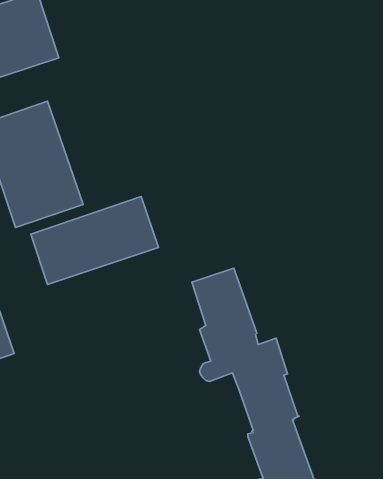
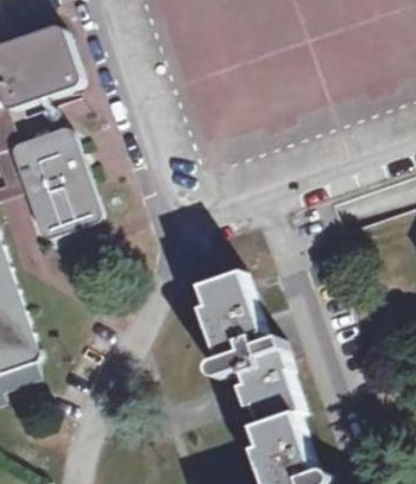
building: [31,196,159,284] -> none

